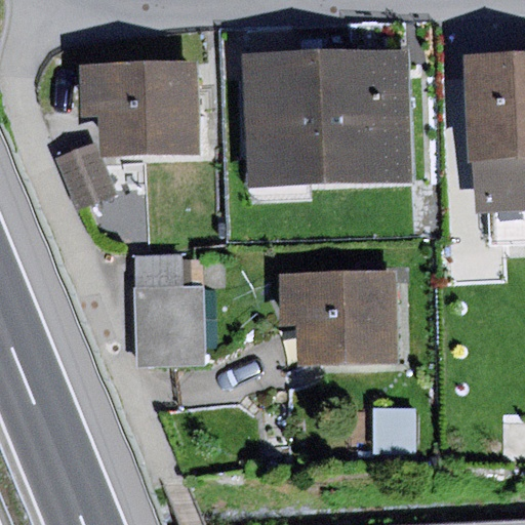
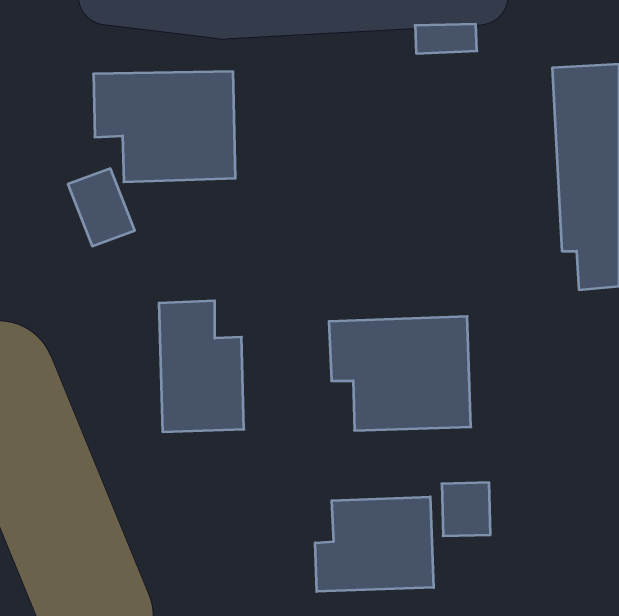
building: [243,49,411,187] -> none
building: none -> [315,497,434,592]

